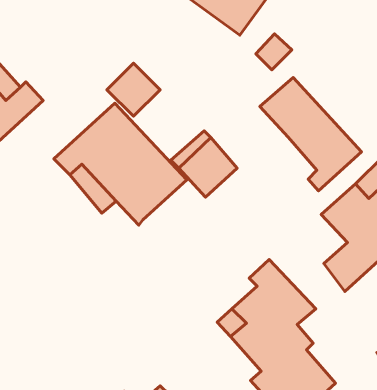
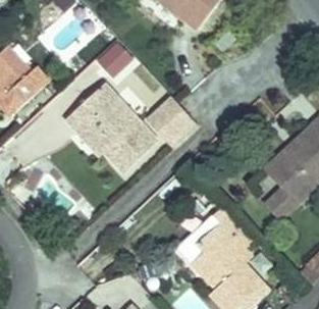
building: [260,77,362,191] -> none

